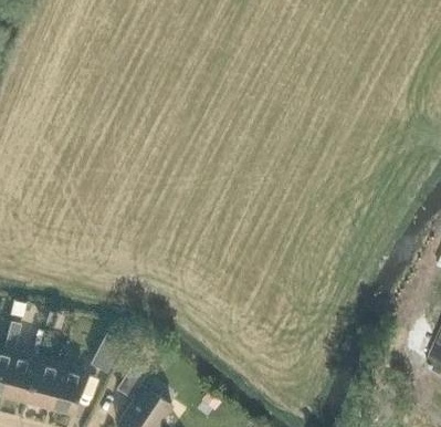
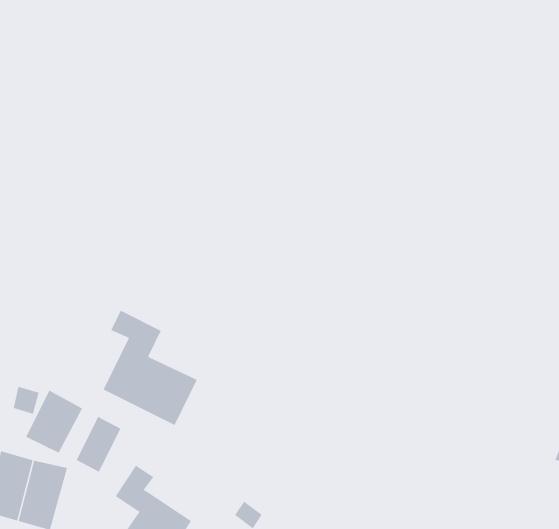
building: none -> [103,310,198,426]
building: none -> [25,390,83,454]

